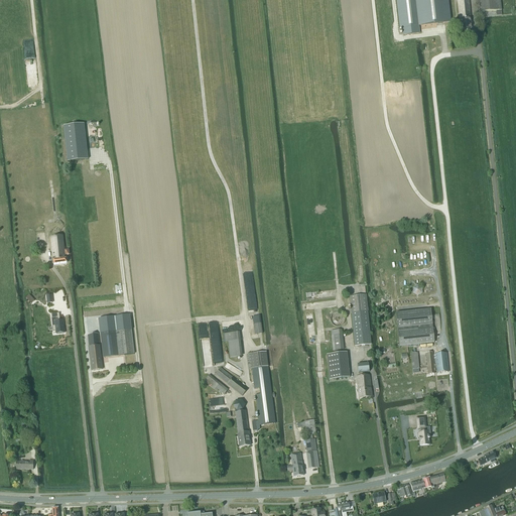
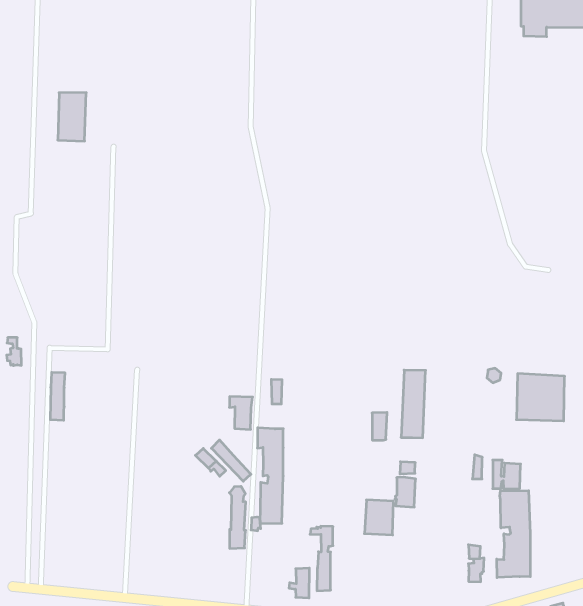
building: [50,234,69,263] -> none
building: [395,307,434,345] -> [516,374,565,421]
building: [99,313,134,356] -> none
building: [327,351,350,378] -> [364,500,393,535]
building: none -> [497,491,530,578]

